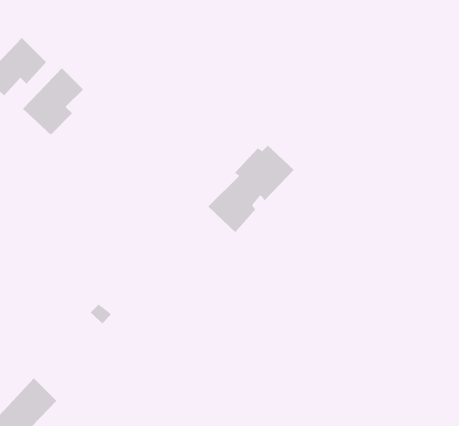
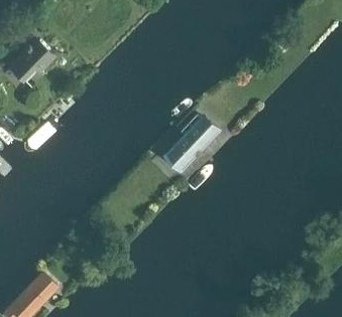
building: [22,68,84,135] -> none

